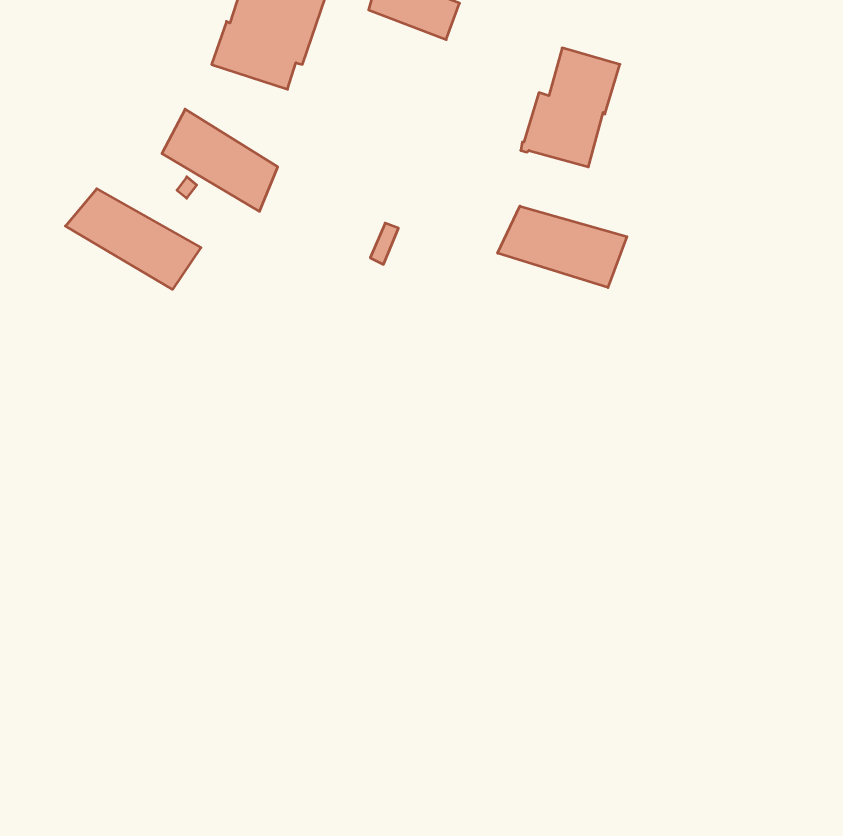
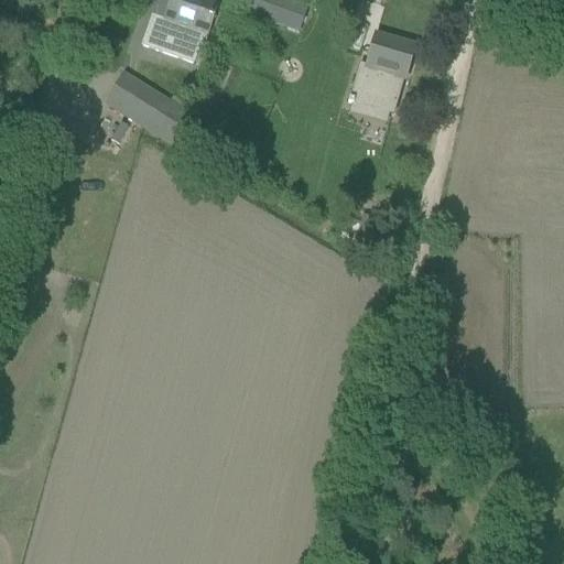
building: [65,189,201,289] -> none
building: [498,206,627,288] -> none

